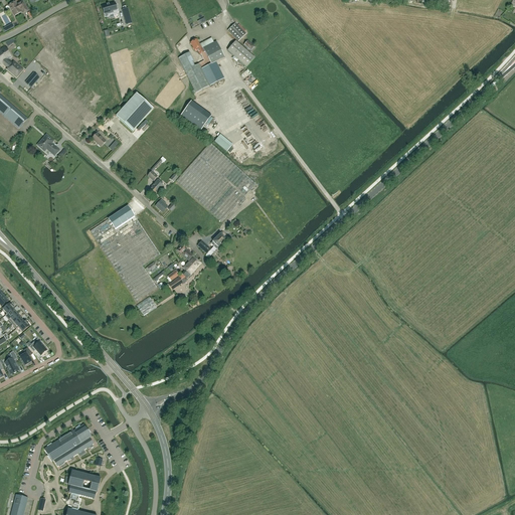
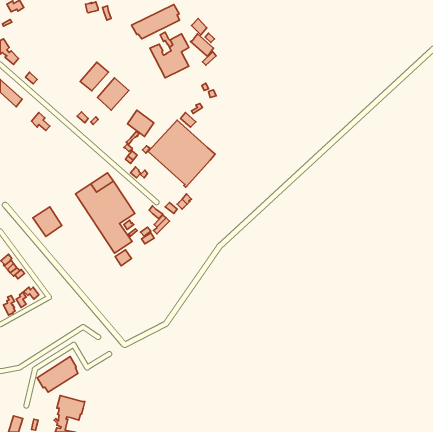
building: none -> [132,4,179,39]
building: none -> [80,62,108,91]
building: [180,101,211,132] -> [128,110,154,136]
building: none -> [33,207,62,236]

